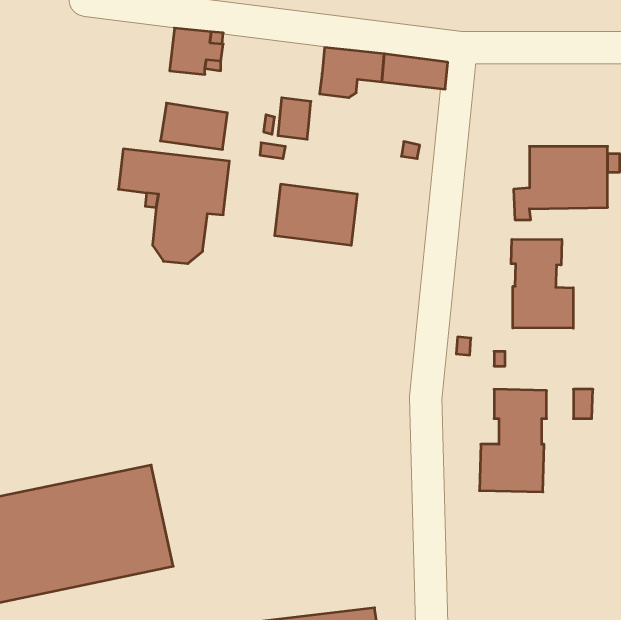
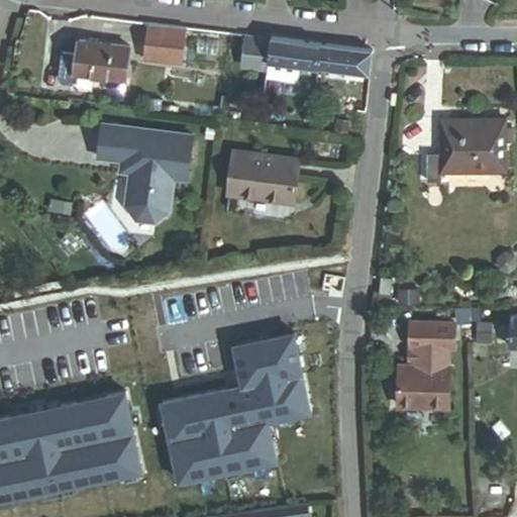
building: [278,98,311,139] -> [241,39,269,74]
building: [160,103,227,149] -> [72,43,127,82]
building: [511,239,573,328] -> none
building: none -> [160,324,311,480]

